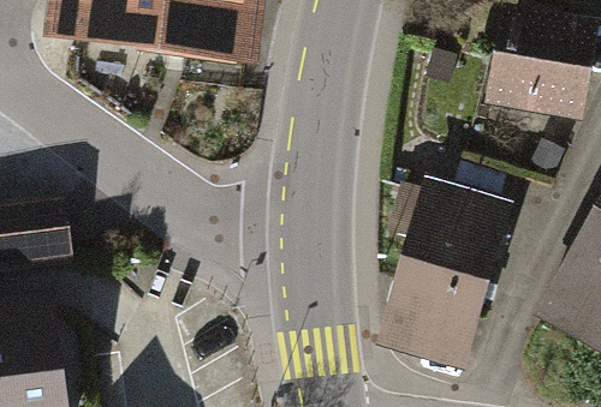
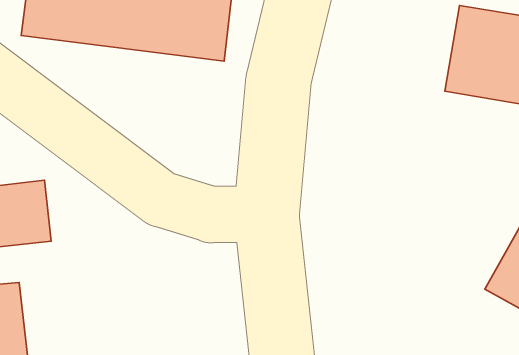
building: [381,178,510,375] -> none

